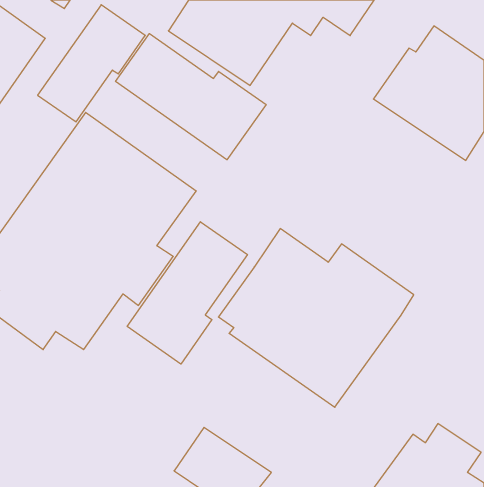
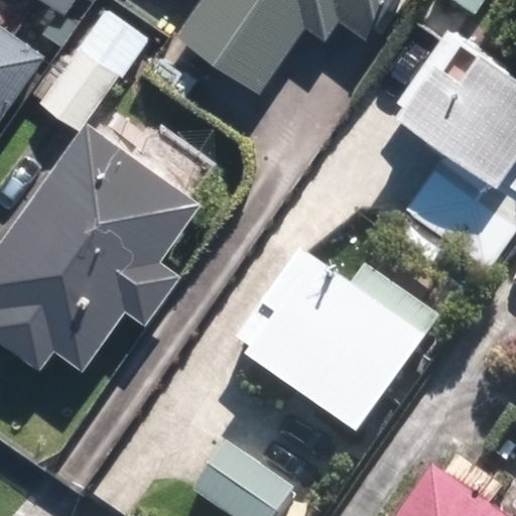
building: [116,34,266,160] -> none
building: [127,222,247,364] -> none

